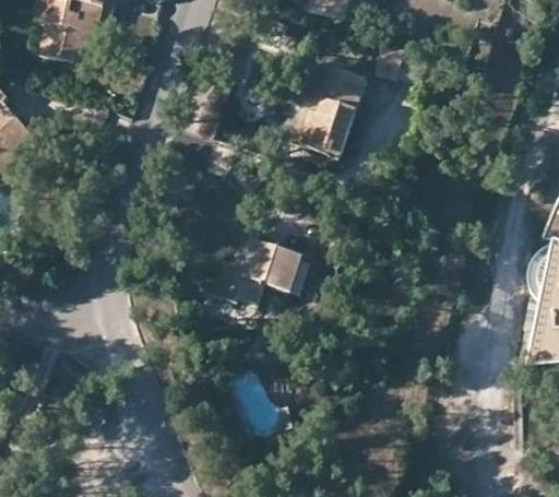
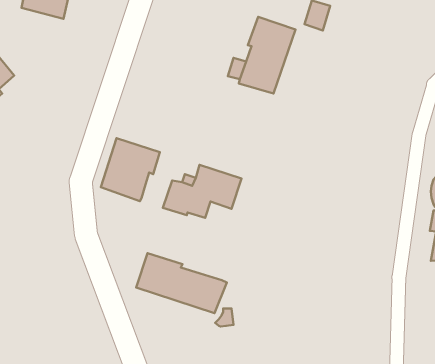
building: none -> [101,138,160,201]
building: none -> [136,253,227,313]

